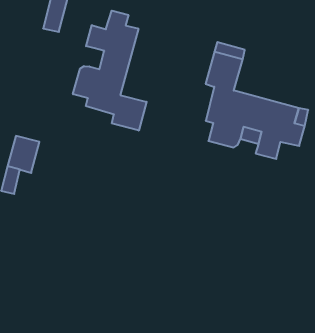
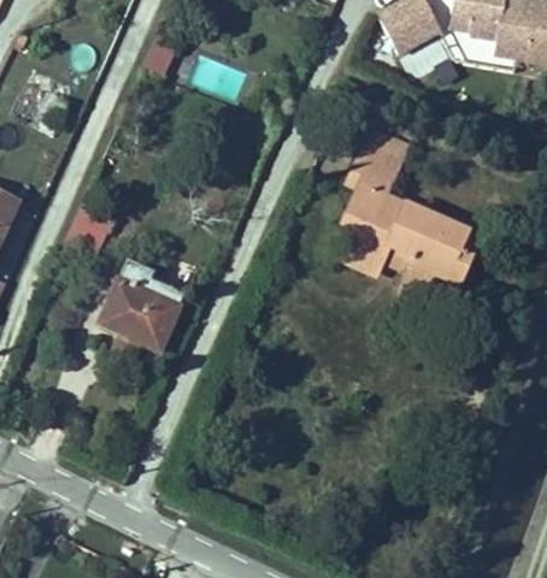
building: [73,11,147,131] -> none
building: none -> [100,259,183,358]

